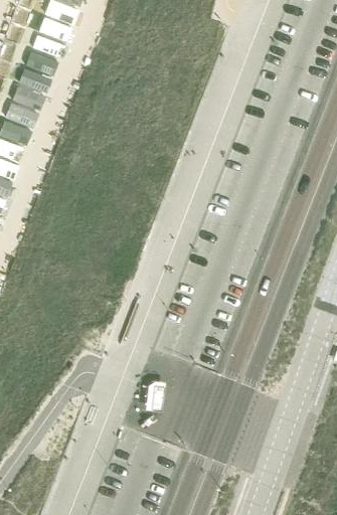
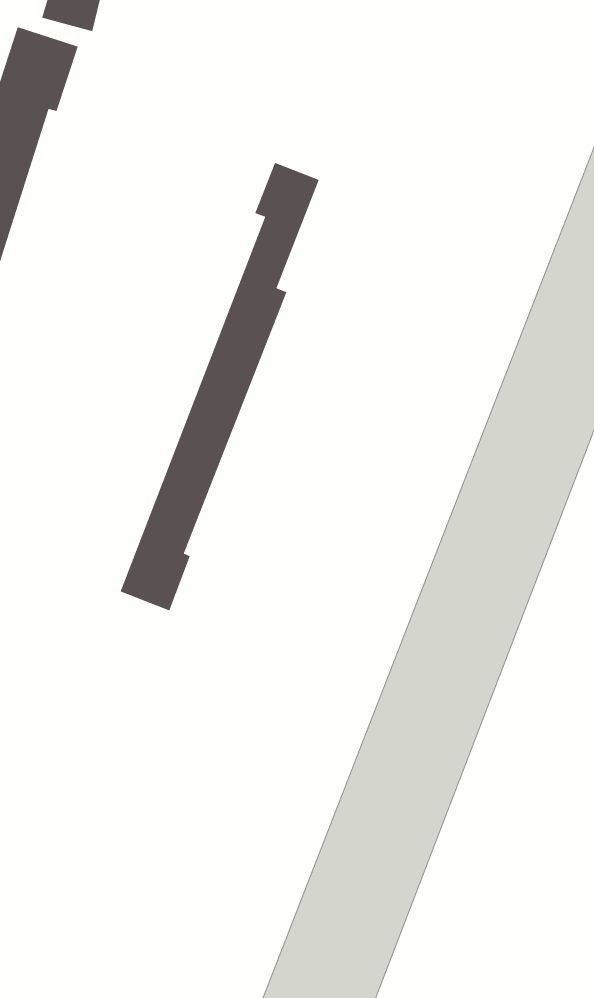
building: none -> [120,162,320,611]

